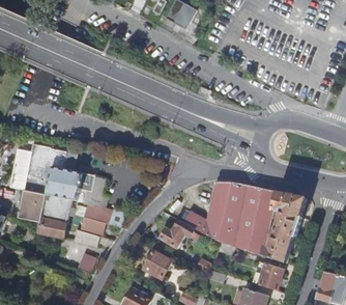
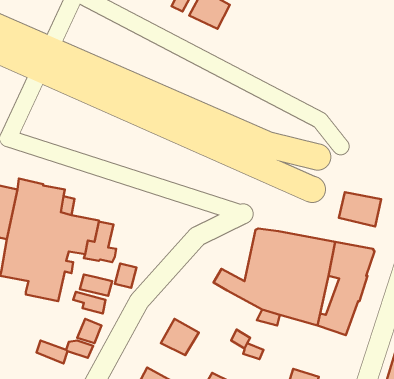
building: none -> [339,192,381,227]
building: [160,220,194,248] -> none
building: [257,264,283,290] -> none

